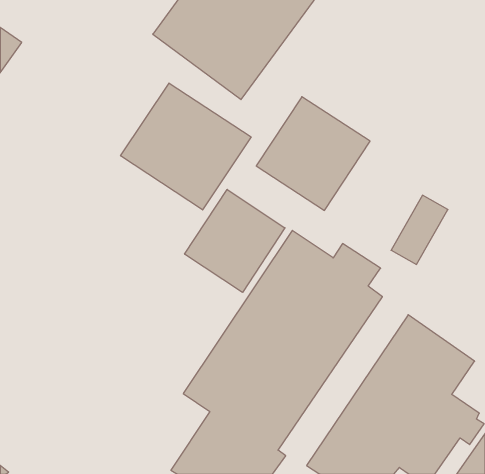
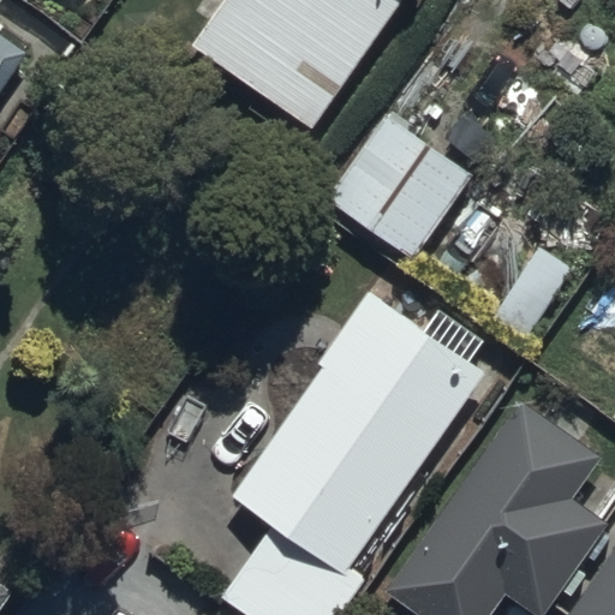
building: [121,83,251,210] -> none
building: [185,189,285,292] -> none

